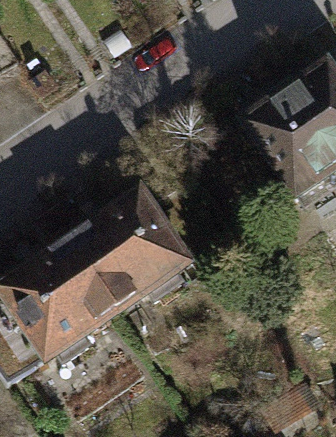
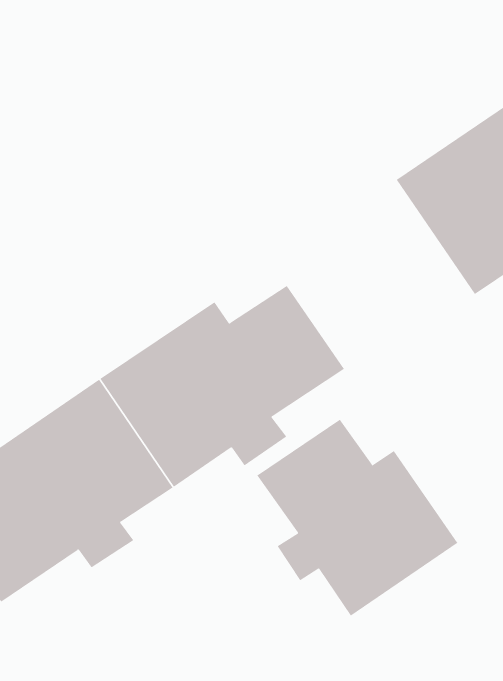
building: none -> [256,419,458,616]

